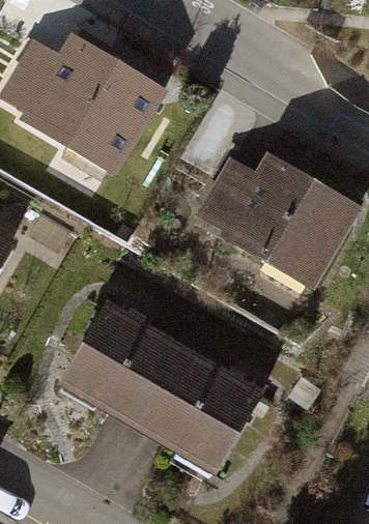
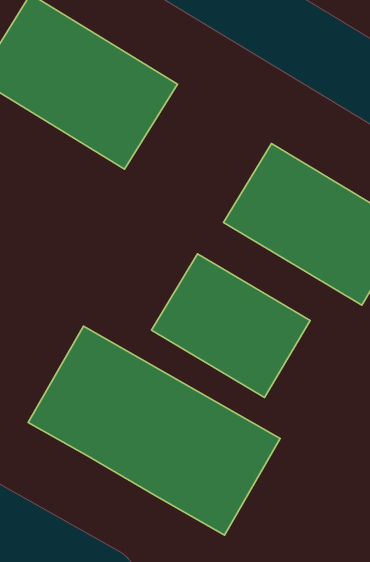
building: none -> [151,254,310,398]

